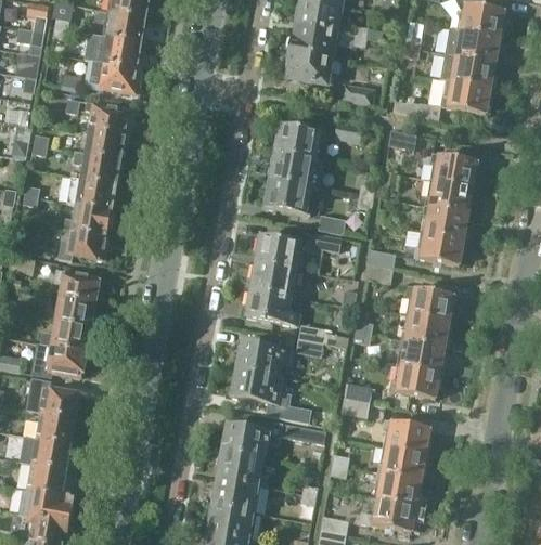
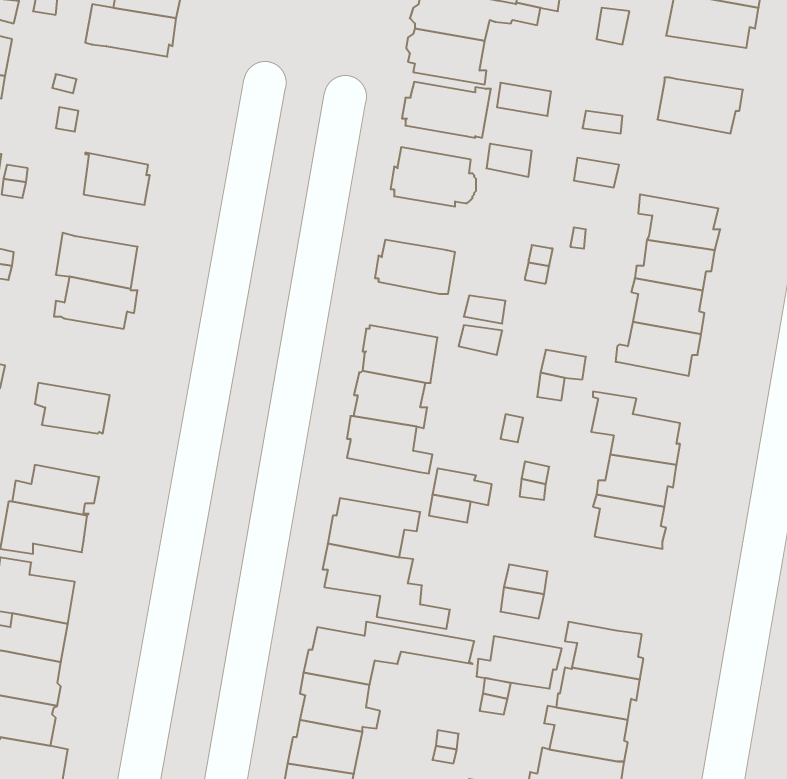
building: [441,54,497,88] -> none
building: [85,60,143,92] -> none
building: [83,102,132,134] -> none
building: [73,151,121,185] -> none
building: [269,154,324,189] -> [402,82,491,138]
building: [61,229,108,260] -> none
building: [53,296,96,328] -> none
building: [390,365,443,398] -> [476,636,562,689]

